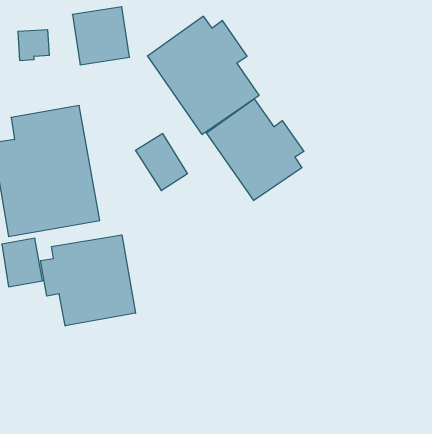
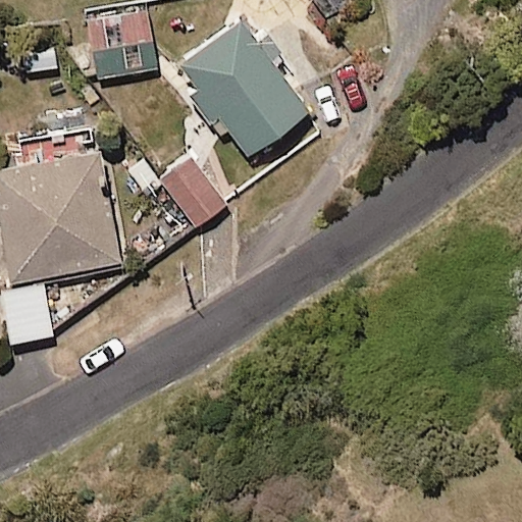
building: [206,99,304,201] -> none
building: [40,235,136,326] -> none

